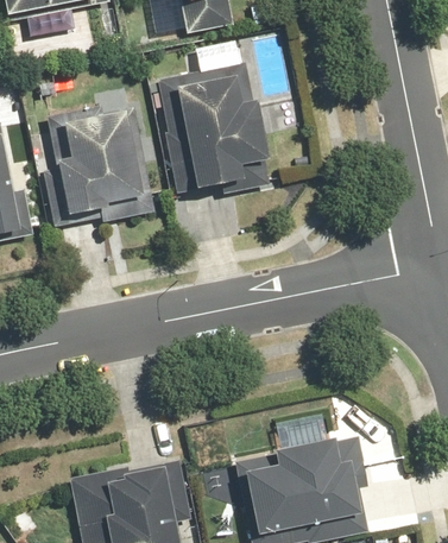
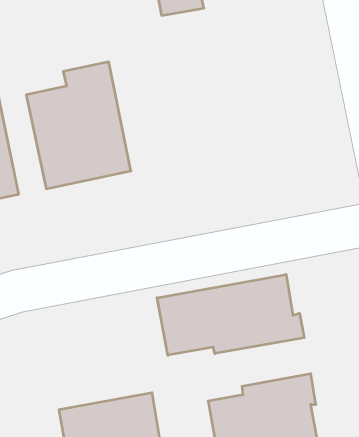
building: [160,63,271,203] -> none
building: none -> [157,274,304,355]

